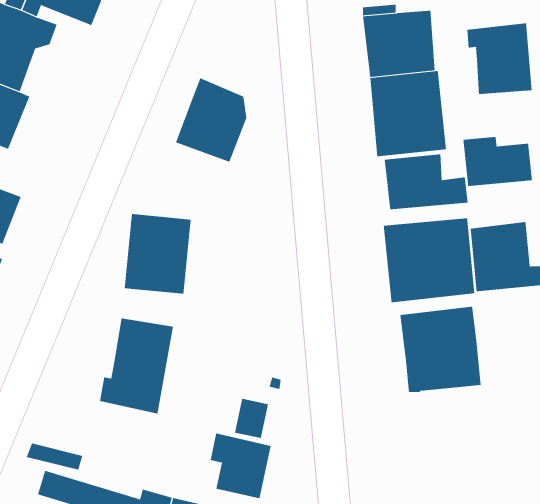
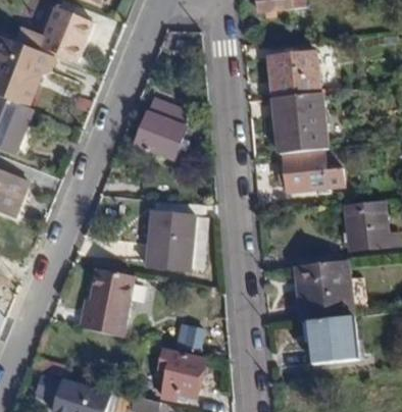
building: [467,23,532,95] -> none
building: [463,136,532,187] -> none
building: [124,214,191,294] -> [147,212,195,269]
building: [383,218,475,303] -> none
building: none -> [310,316,357,363]

